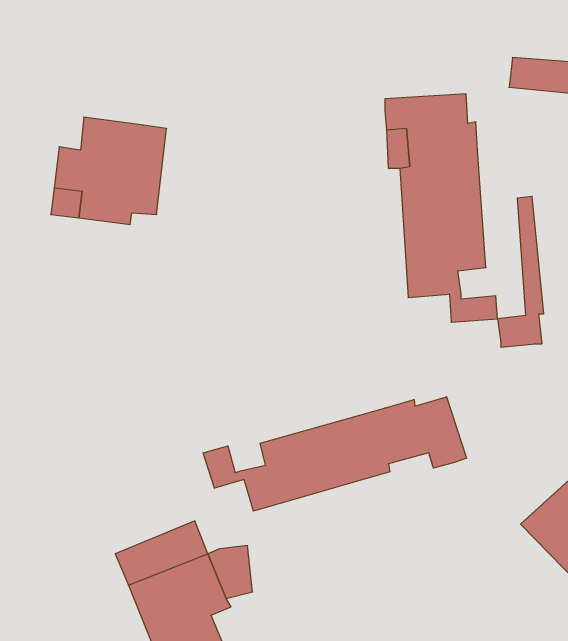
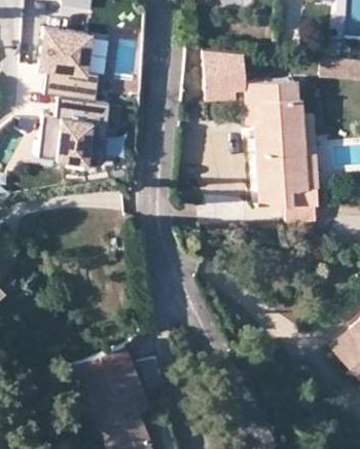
building: none -> [39,28,99,101]
building: none -> [202,54,245,93]
building: [497,196,544,347] -> [290,115,319,209]
building: [203,397,467,511] -> none

